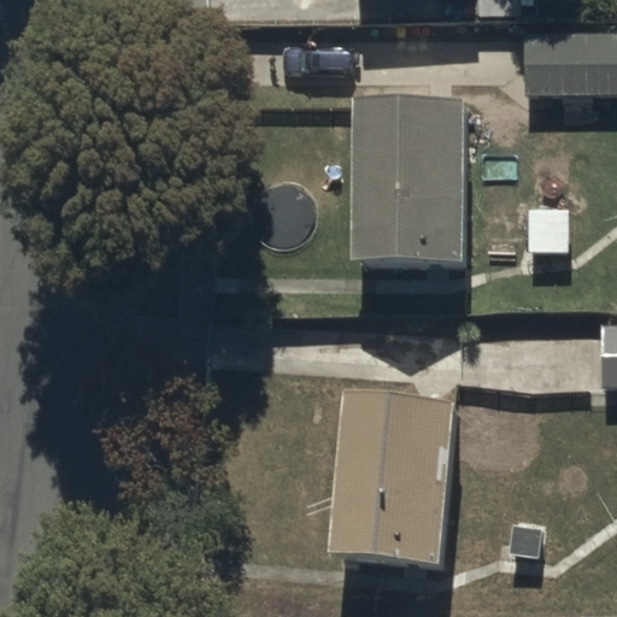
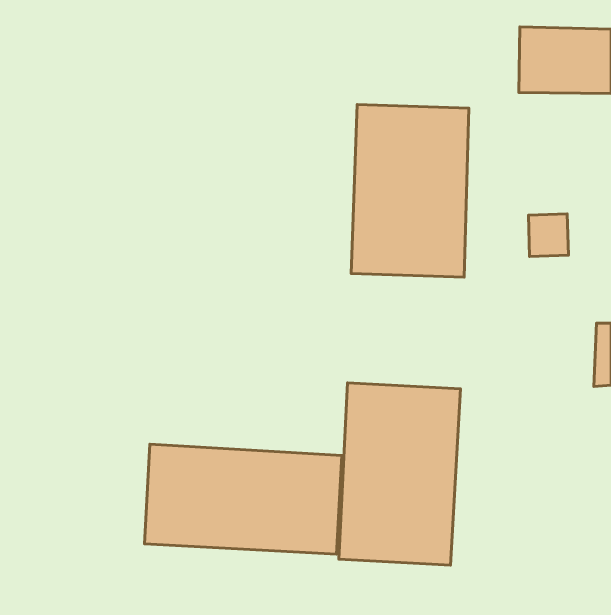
building: none -> [144,444,342,554]

